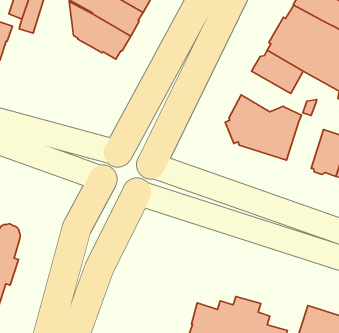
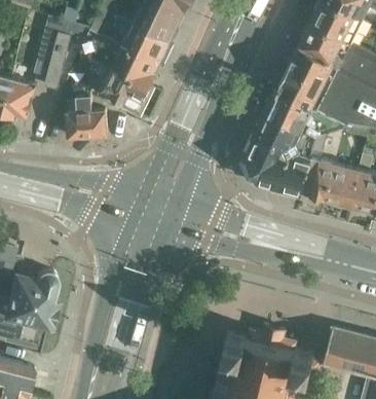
building: none -> [66,86,107,138]
building: none -> [256,112,302,149]
building: none -> [302,156,335,201]

